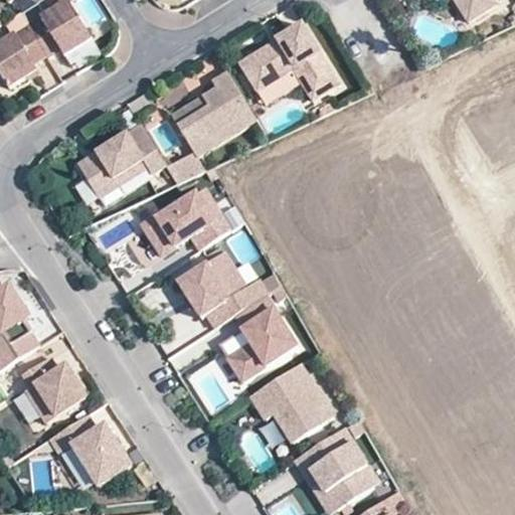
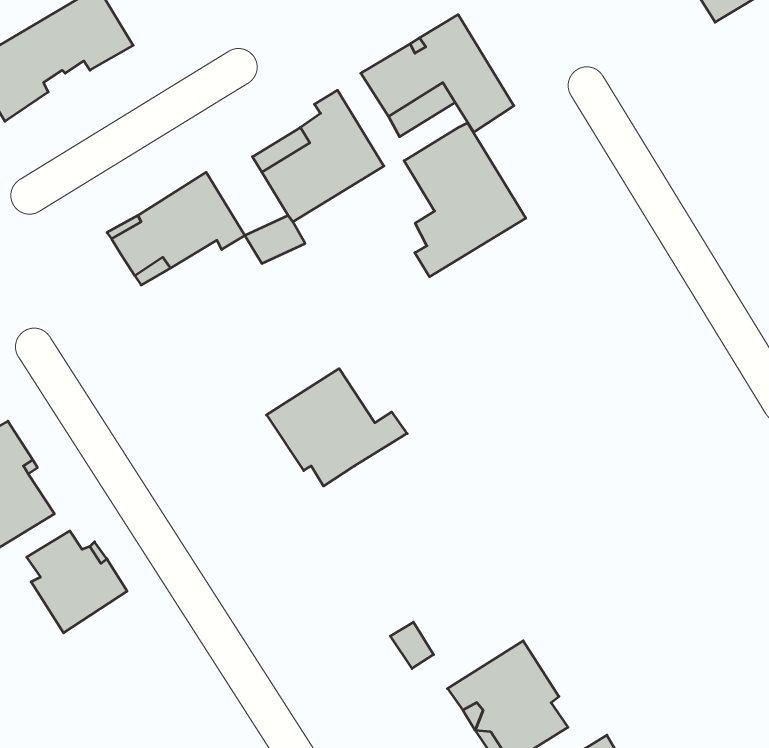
building: none -> [404,123,526,277]
building: [143,188,231,254] -> none
building: [220,294,298,380] -> none
building: [251,363,334,442] -> none
building: [51,414,132,485] -> none

